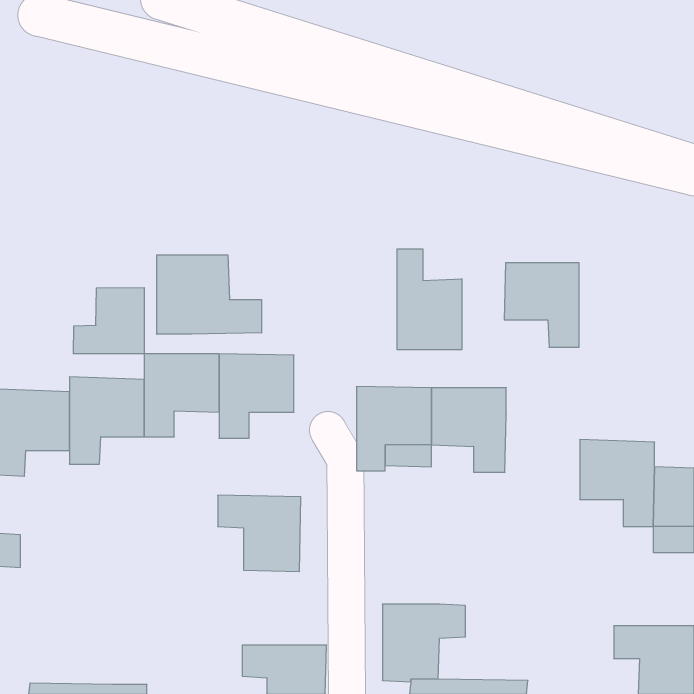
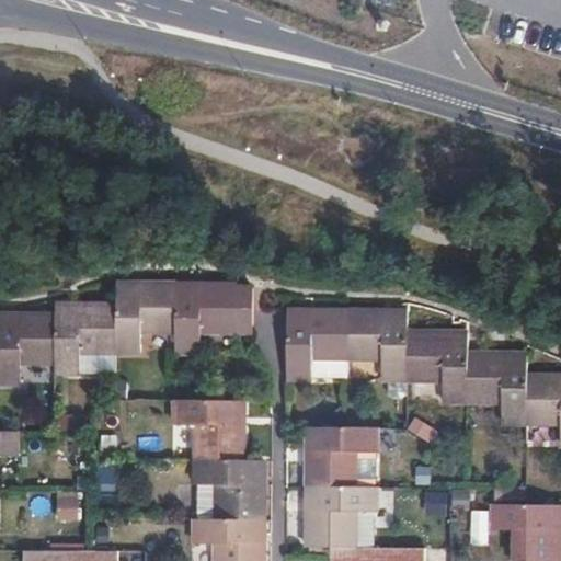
building: [397,249,462,350] -> none
building: [157,255,262,334] -> none
building: [504,263,579,347] -> [407,334,467,402]
building: [73,288,144,354] -> none
building: none -> [307,426,376,486]
building: none -> [196,459,263,519]

